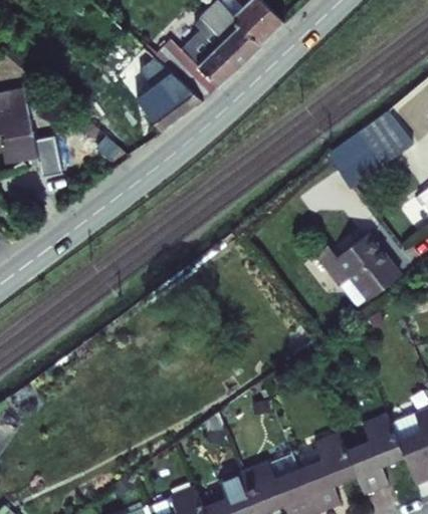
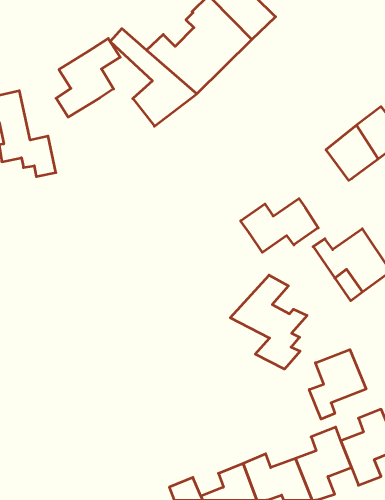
building: none -> [56,38,120,117]
building: none -> [241,199,318,252]
building: none -> [230,275,307,369]
building: none -> [309,350,366,419]

